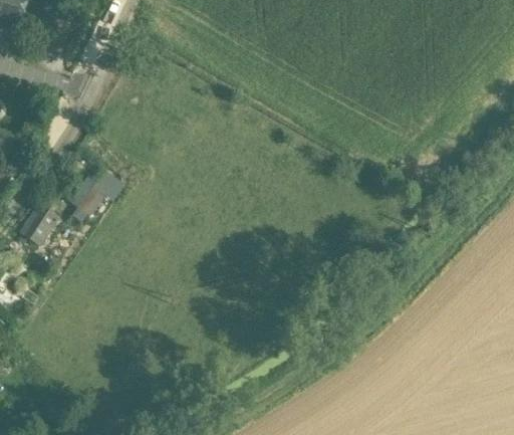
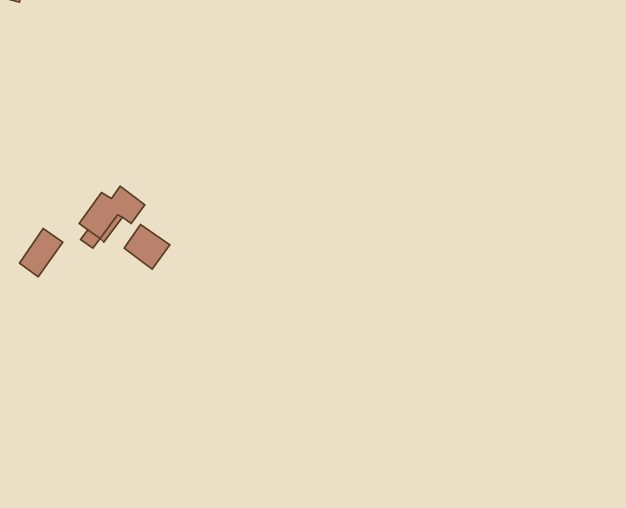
building: none -> [124,225,170,269]

